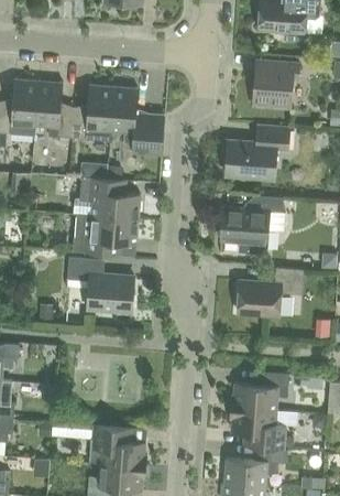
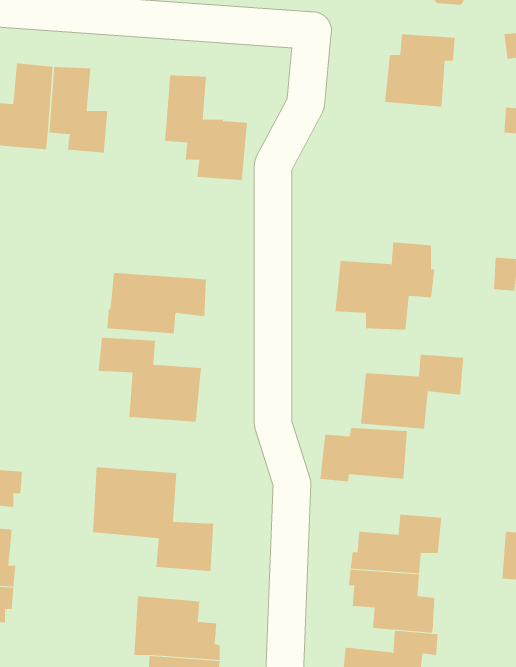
building: [72,85,113,141] -> none
building: [226,126,289,179] -> none
building: [74,177,140,219] -> none
building: none -> [320,427,407,482]
building: none -> [93,466,214,572]

